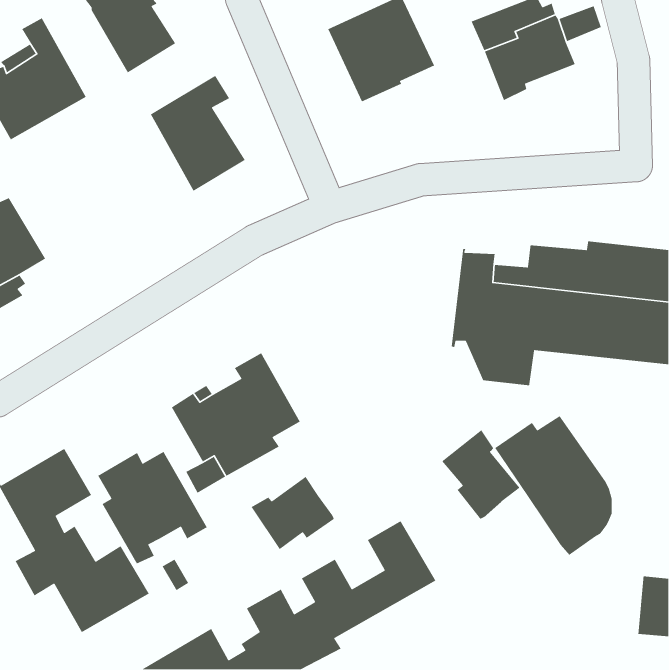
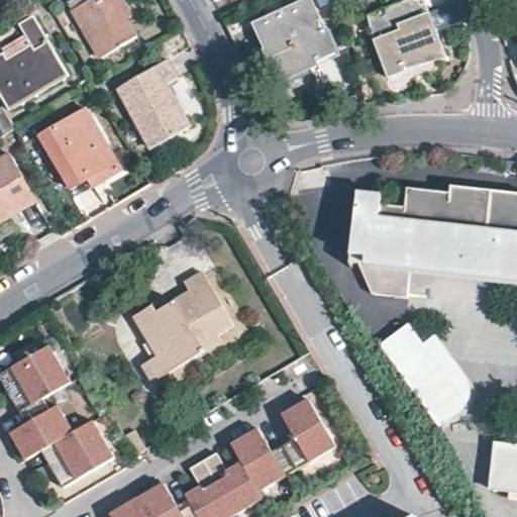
building: none -> [37,106,120,189]
building: [441,429,520,520] -> none
building: [97,451,208,565] -> none
building: [250,476,335,550] -> none

